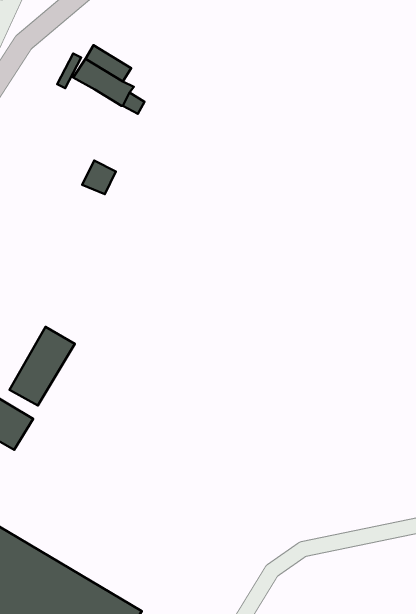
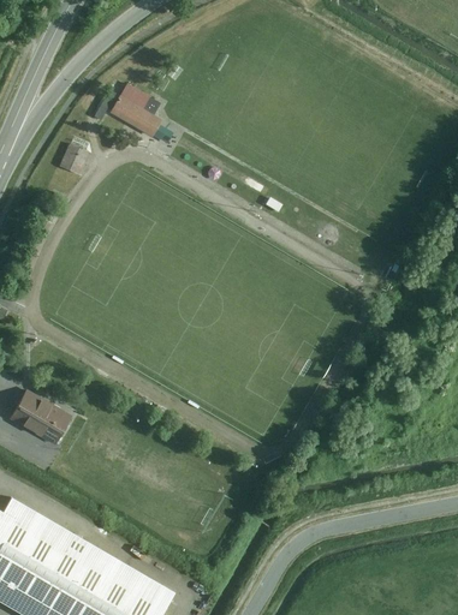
building: [82,161,116,194] -> [59,145,89,175]
building: [9,327,75,406] -> none

